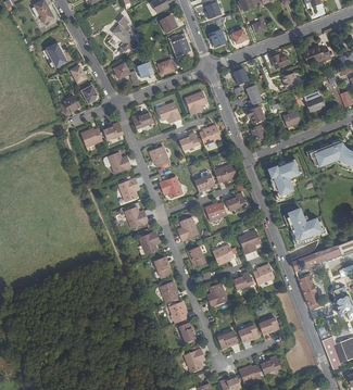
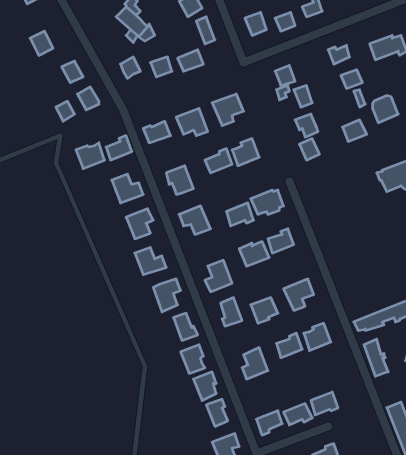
building: [268,155,300,197] -> none
building: [286,206,324,242] -> none

